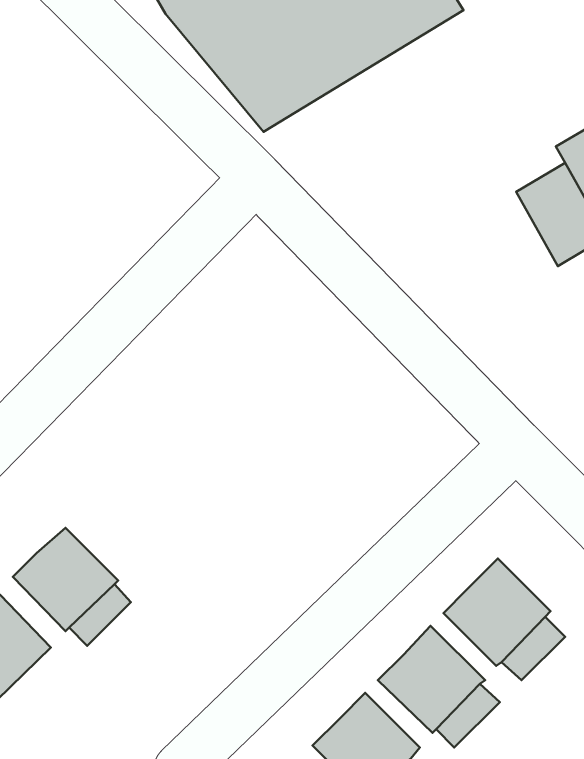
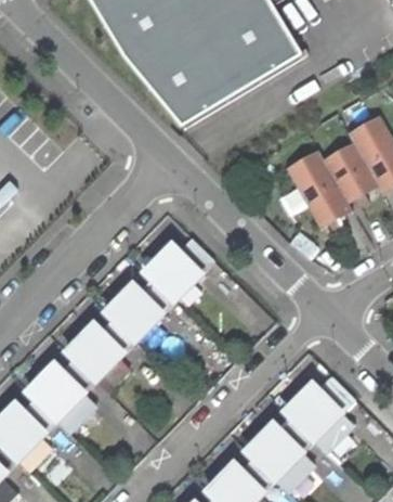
building: none -> [289,149,354,228]
building: none -> [143,241,206,304]
building: none -> [104,280,167,343]
building: none -> [63,319,128,383]

